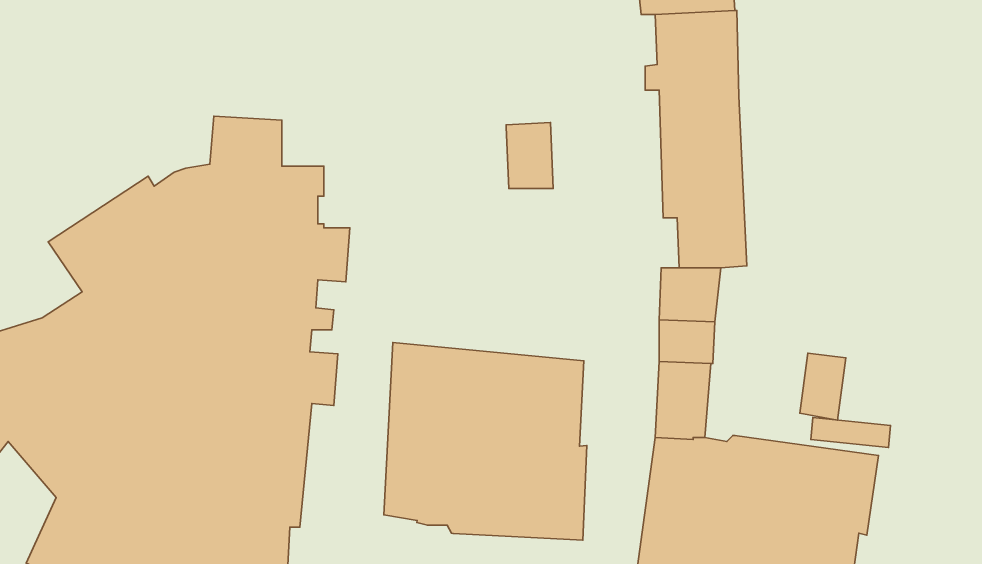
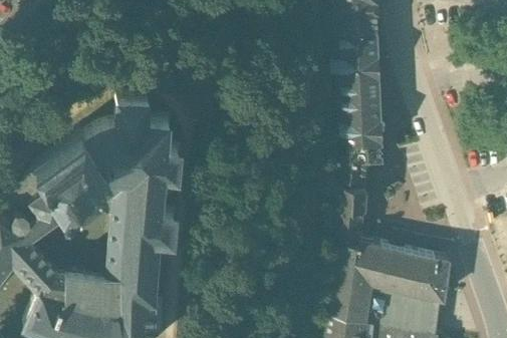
building: [506,122,553,189] -> none
building: [384,342,587,540] -> none
building: [800,353,846,420] -> none

